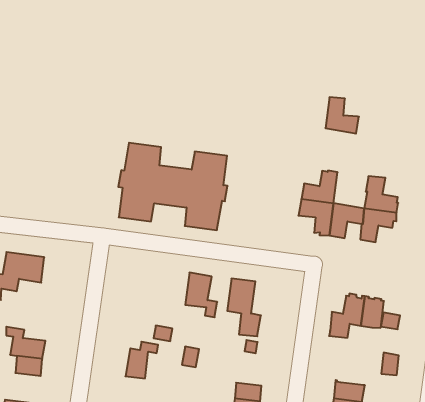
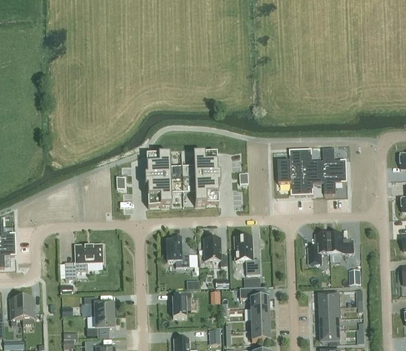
building: [325,97,359,134] -> [295,147,318,170]
building: none -> [166,238,189,265]
building: none -> [239,286,268,307]

